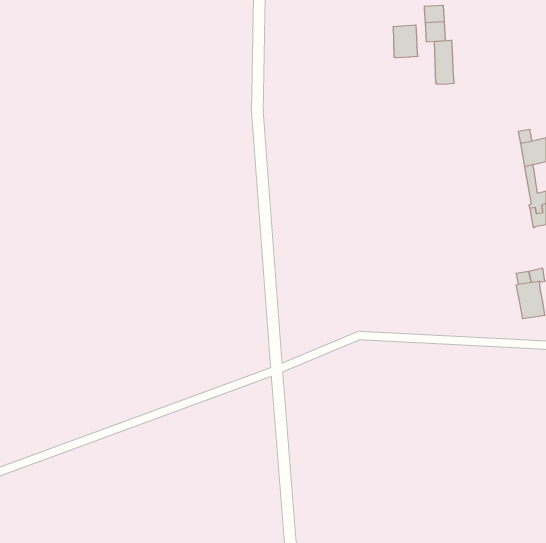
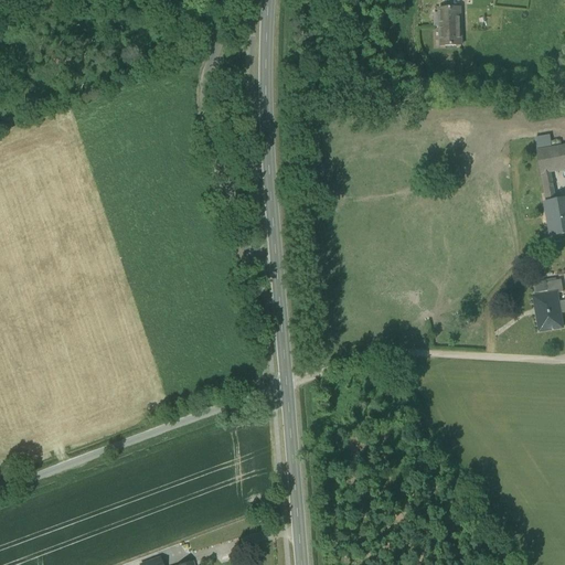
building: [394,25,418,58] -> none
building: [435,40,454,84] -> none

